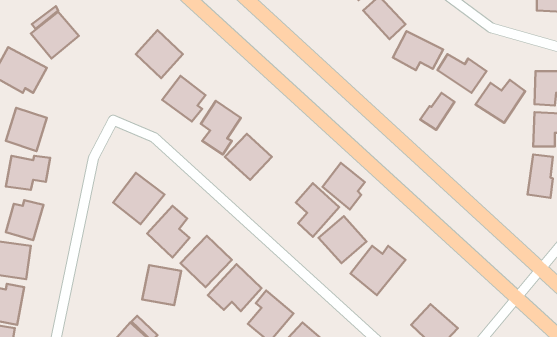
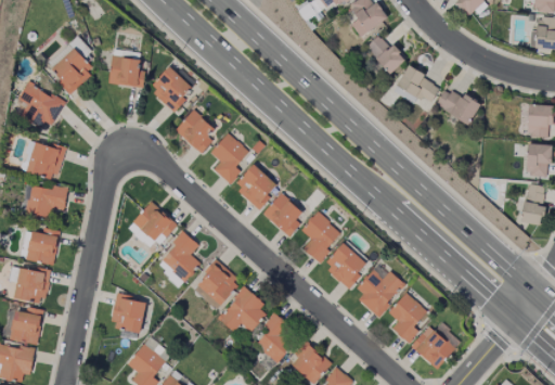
building: none -> [109,56,144,88]
building: [475,80,525,123] -> none
building: [420,93,455,130] -> none
building: [322,163,365,210] -> [263,193,304,238]
building: [142,265,181,305] -> [111,295,147,333]
building: none -> [388,293,427,344]

